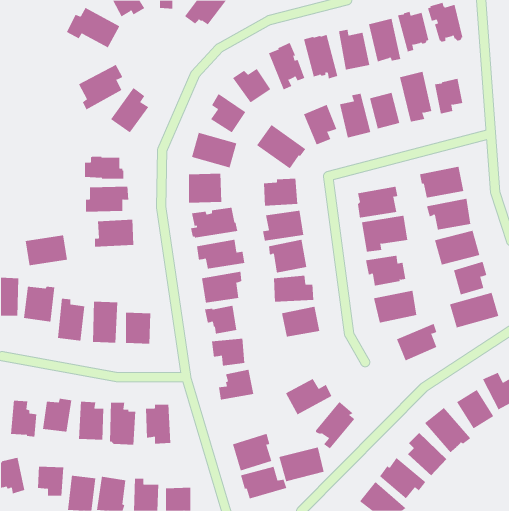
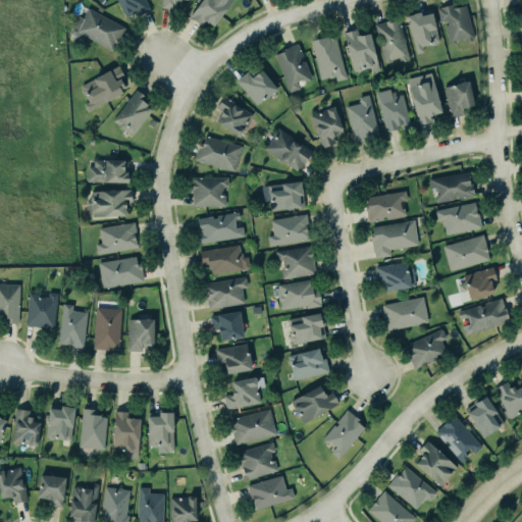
building: [25,235,68,266] -> [100,256,144,288]
building: none -> [288,347,329,379]
building: [278,447,324,482] -> [230,409,277,445]

